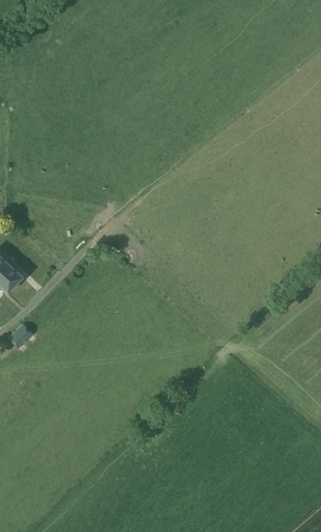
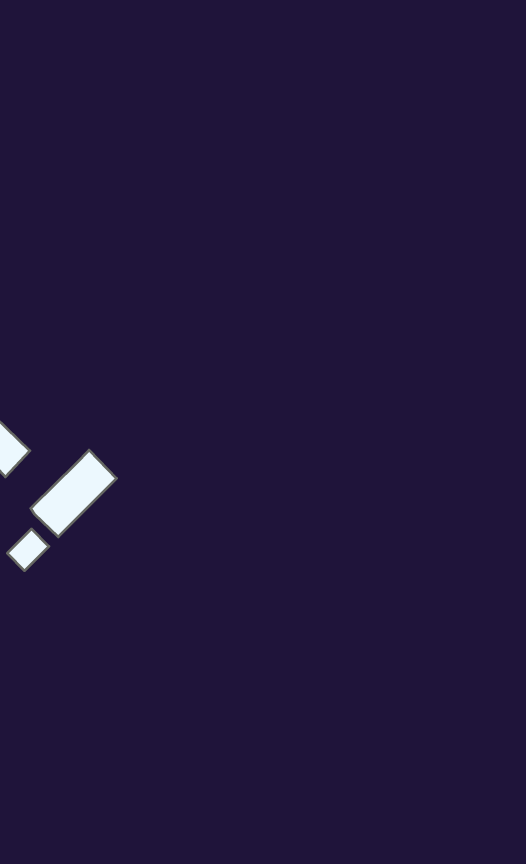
building: none -> [31,450,117,537]

